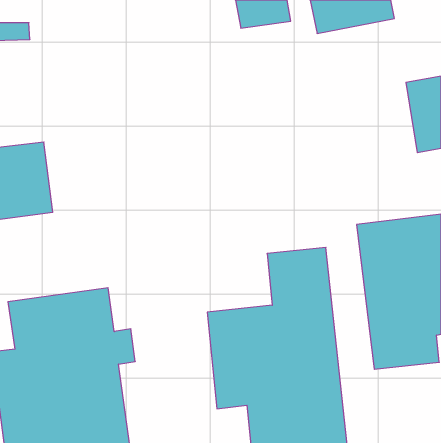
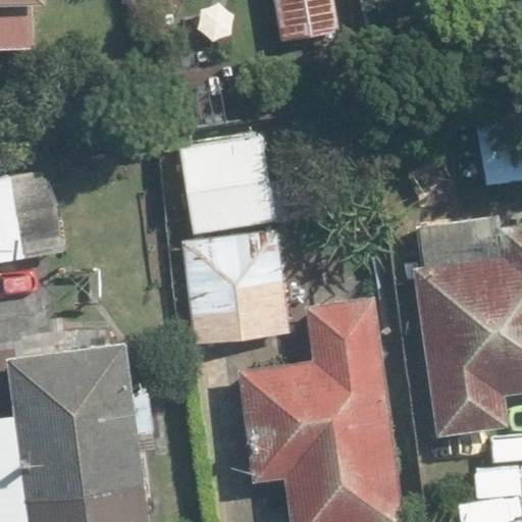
building: none -> [176,139,276,233]
building: none -> [178,234,282,343]

